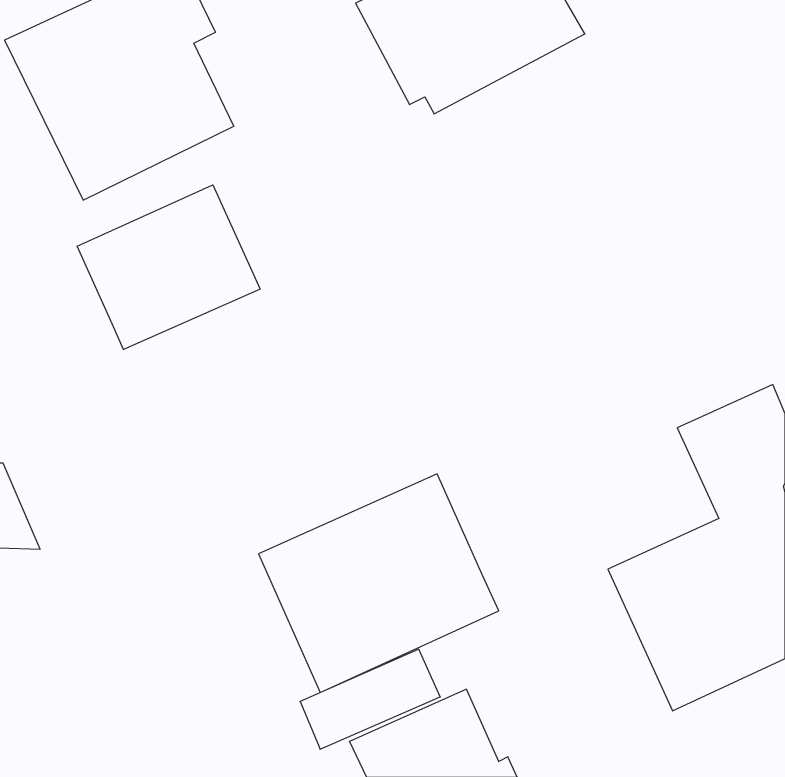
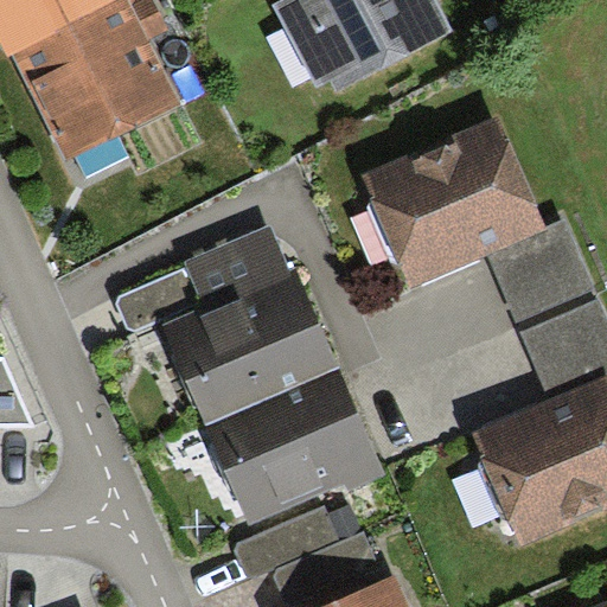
building: none -> [362,123,594,320]
building: [77,185,260,350] -> none
building: none -> [154,222,337,427]

